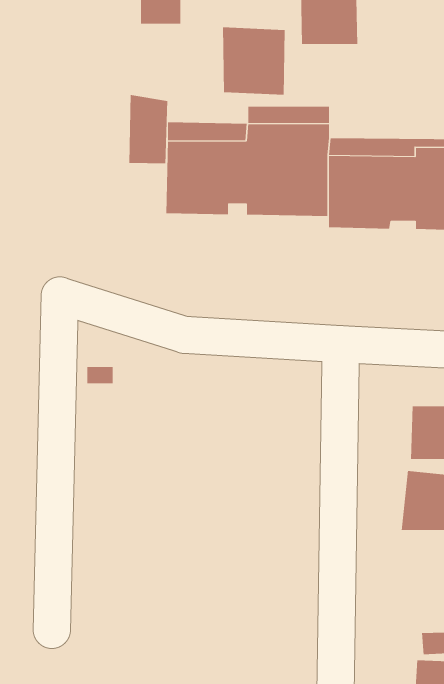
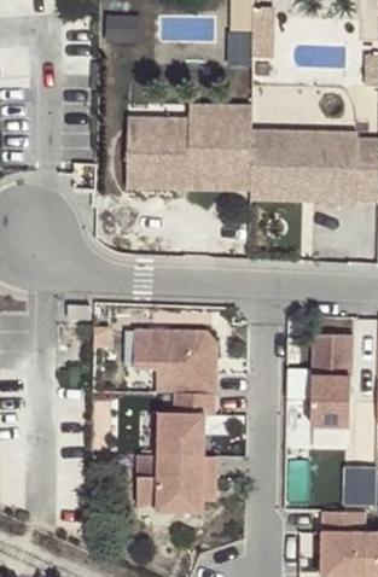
building: [223,27,285,96] -> none
building: [129,94,168,164] -> none
building: none -> [130,332,215,395]
building: none -> [147,413,205,513]

